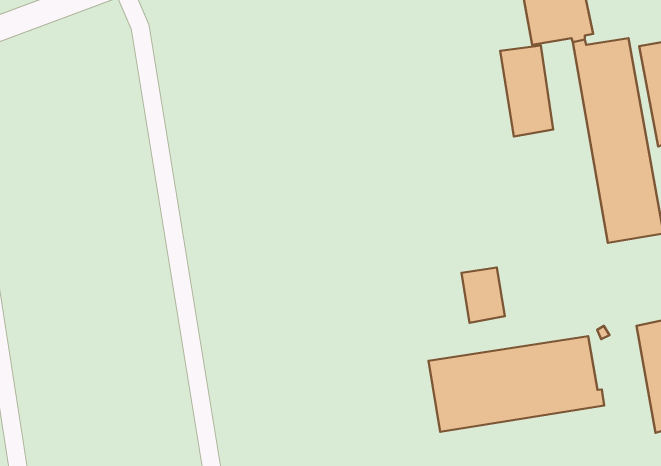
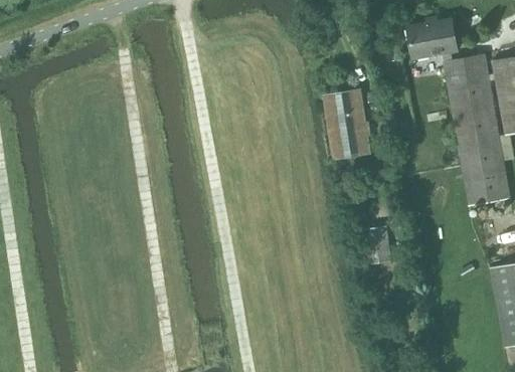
building: [500,46,553,136] -> [328,91,367,159]
building: [429,336,604,432] -> none

